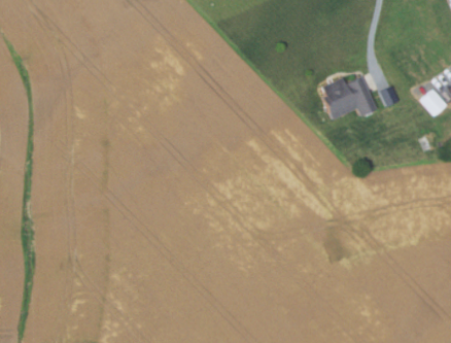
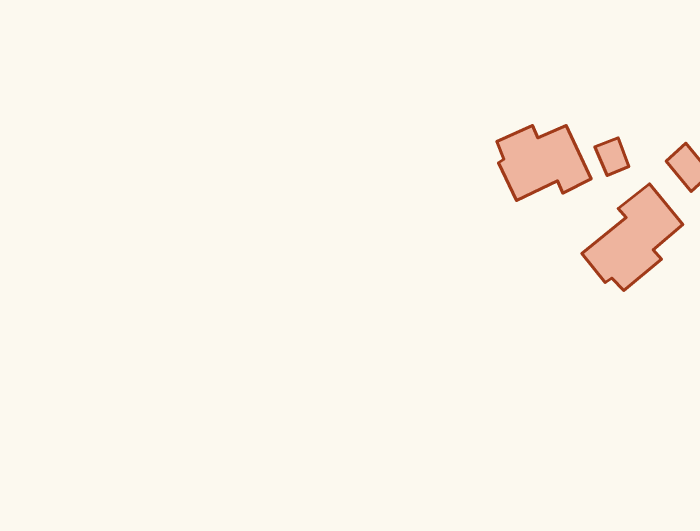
building: none -> [582,184,683,291]

